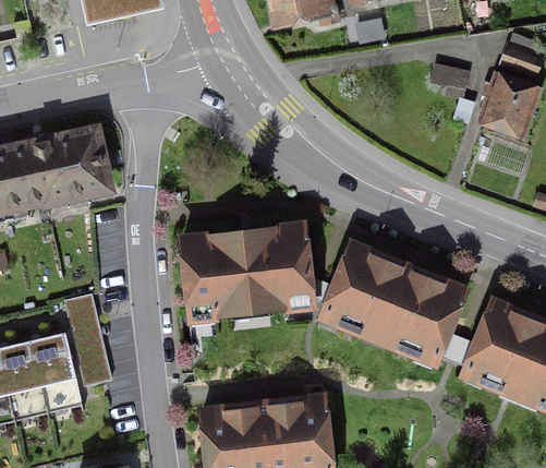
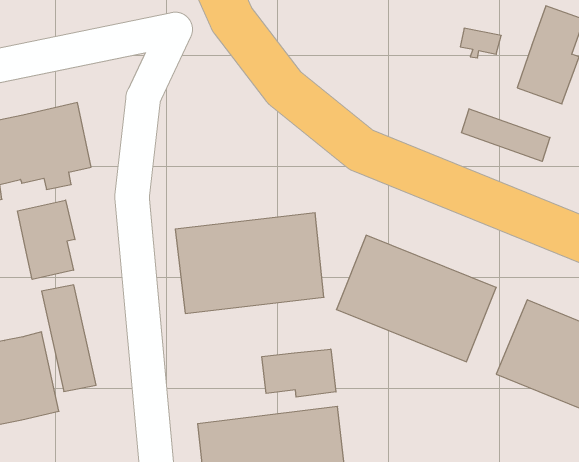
building: none -> [461,109,550,161]
building: none -> [18,200,75,279]
building: none -> [262,349,336,397]

